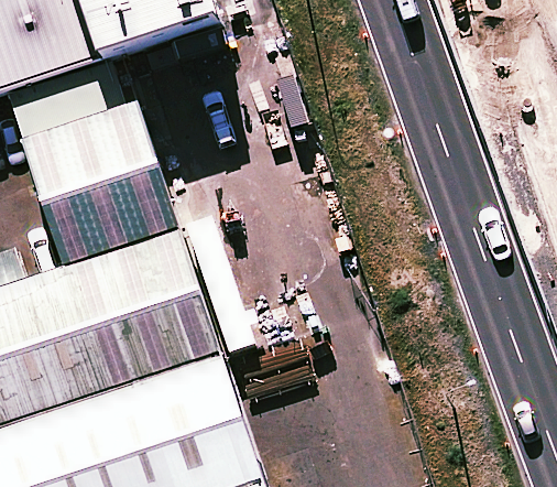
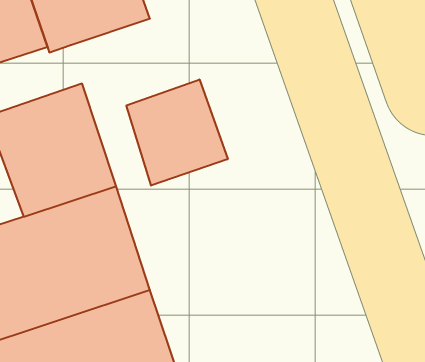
building: none -> [126,79,228,186]

